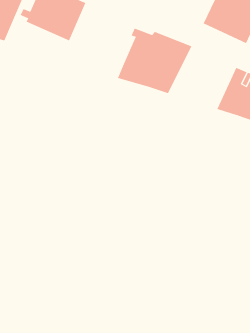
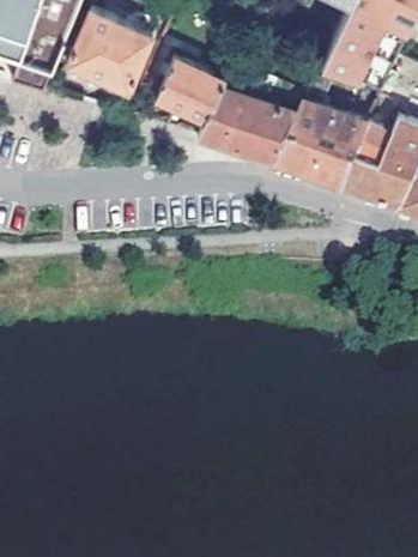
building: none -> [156,61,224,126]
building: none -> [272,102,368,187]

